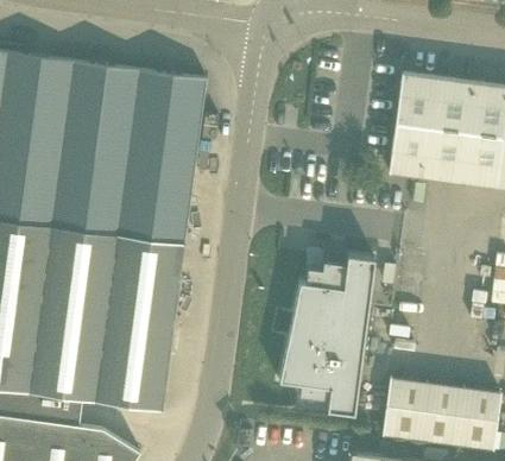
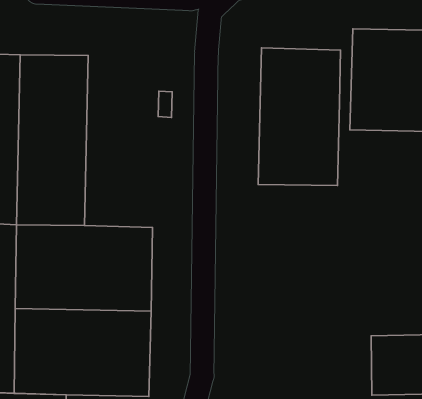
building: [116,70,206,246] -> none
building: none -> [258,48,340,185]
building: [278,254,374,415] -> none

